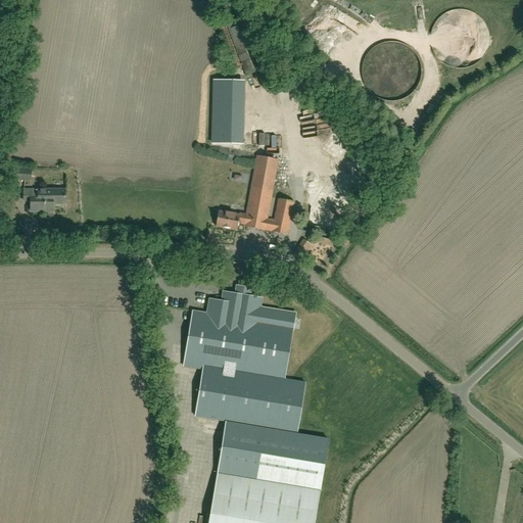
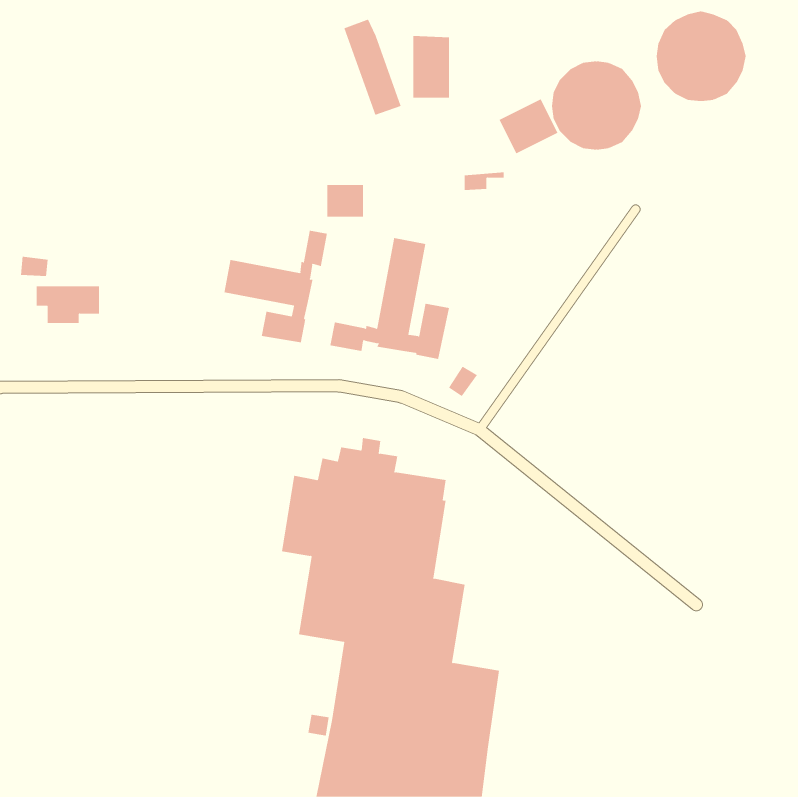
building: none -> [499,99,558,154]
building: [213,80,238,121] -> [412,36,450,98]
building: none -> [224,230,327,343]

